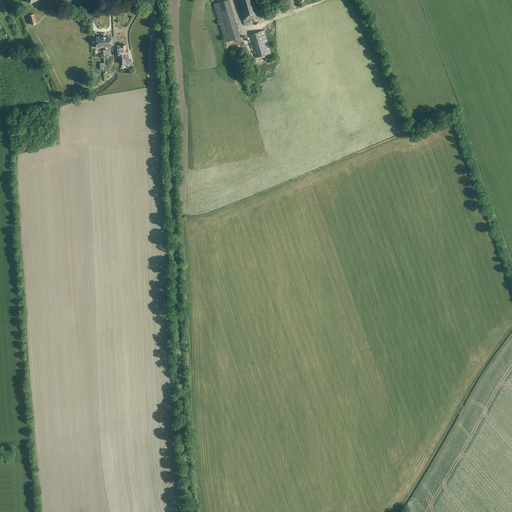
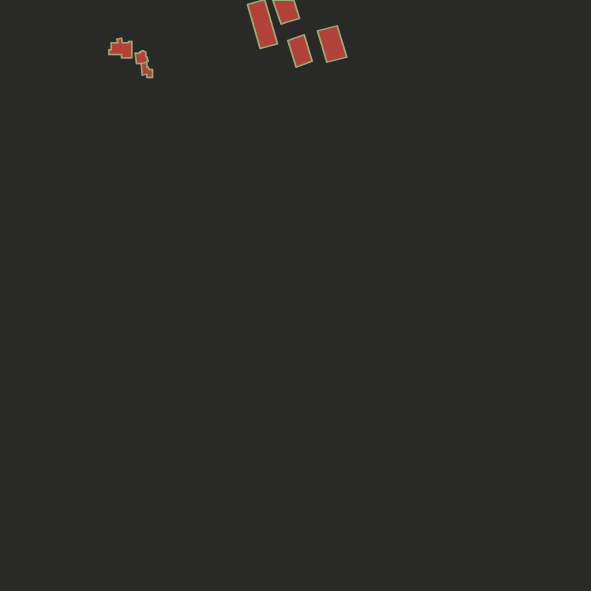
building: none -> [317,26,347,62]

